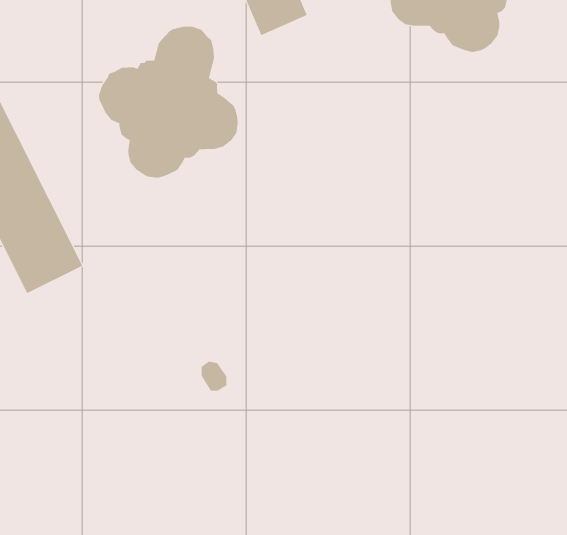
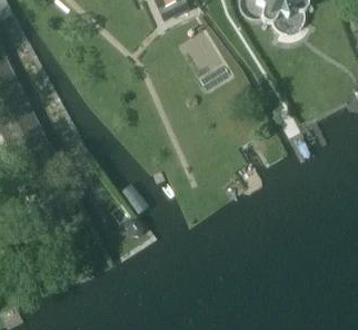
building: [99,26,238,179] -> none

